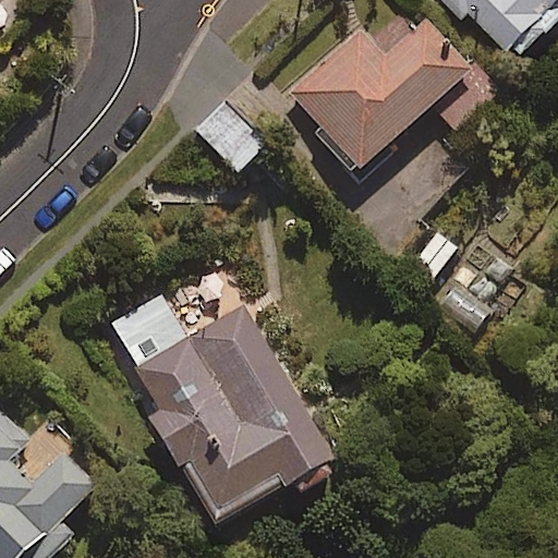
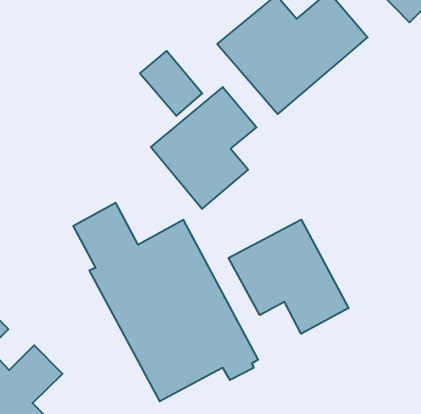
building: none -> [151,87,257,209]
building: none -> [229,220,349,334]

